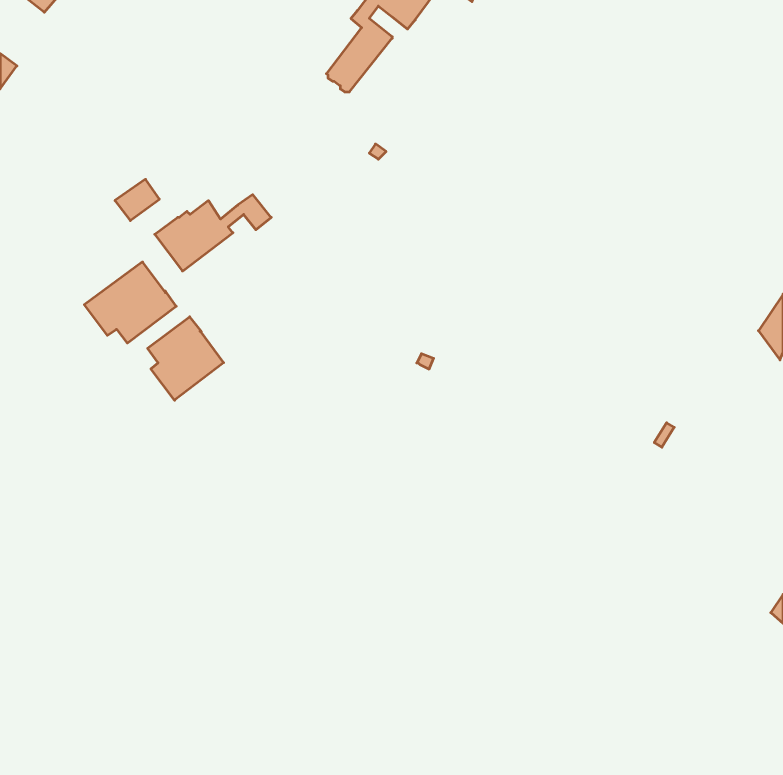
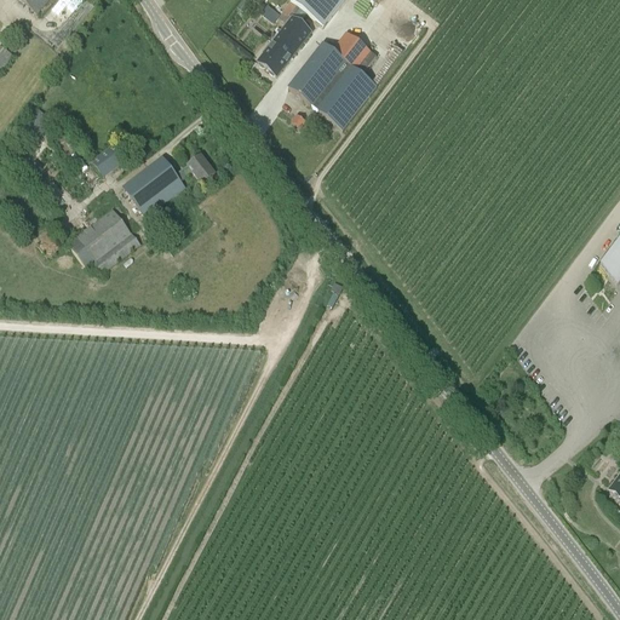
building: none -> [288,29,377,127]
building: [148,317,224,400] -> none

